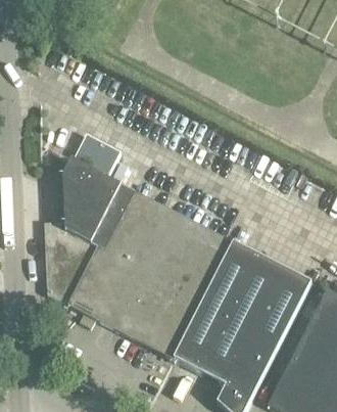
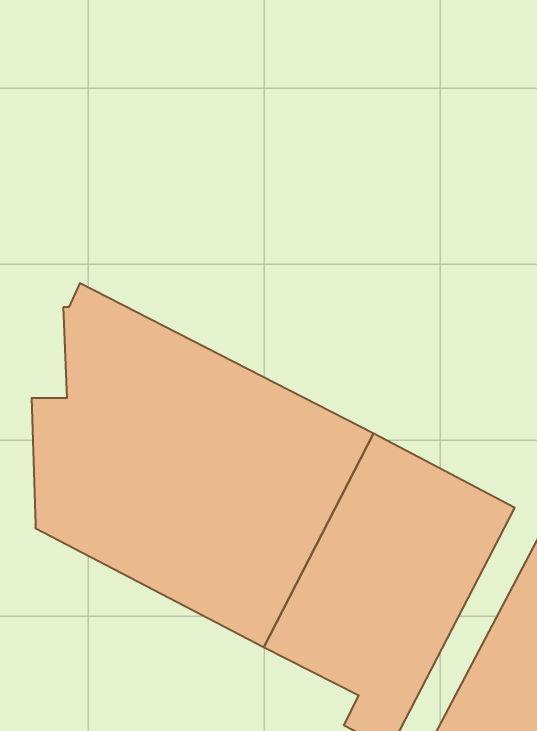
building: [75,132,121,172] -> none

